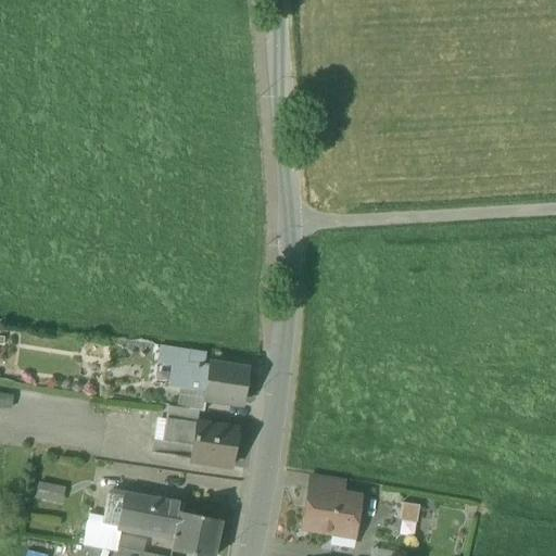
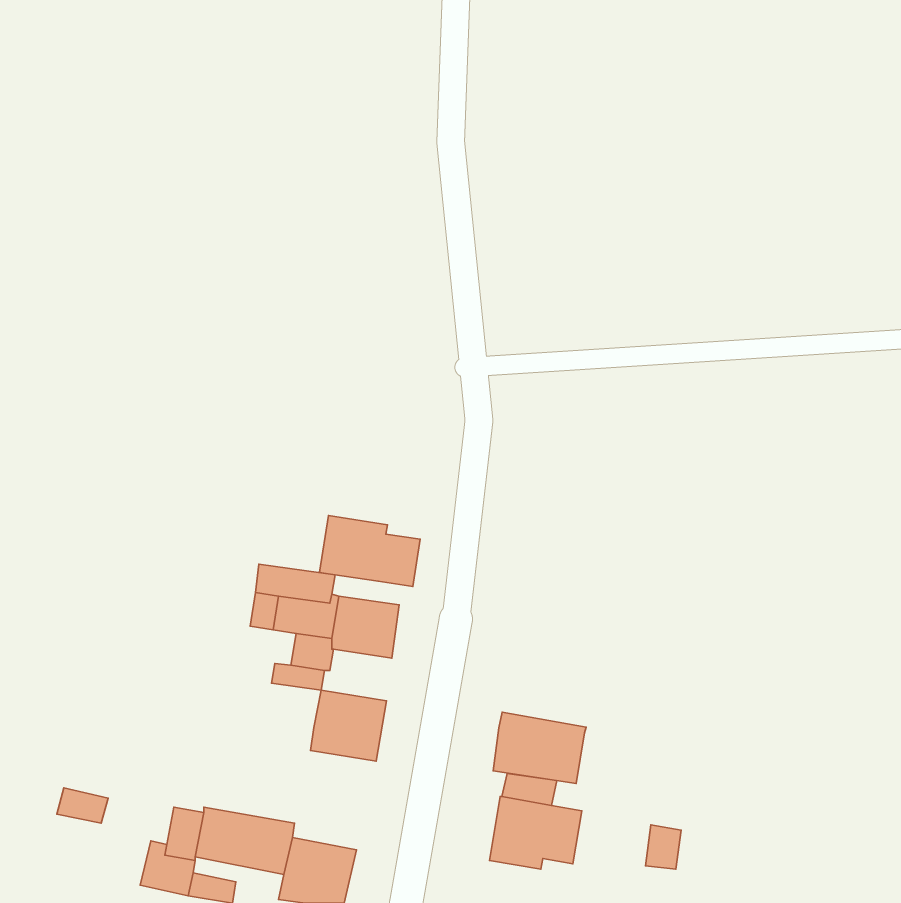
building: none -> [320,516,420,586]
building: [166,418,200,445] -> none
building: none -> [493,712,586,784]

